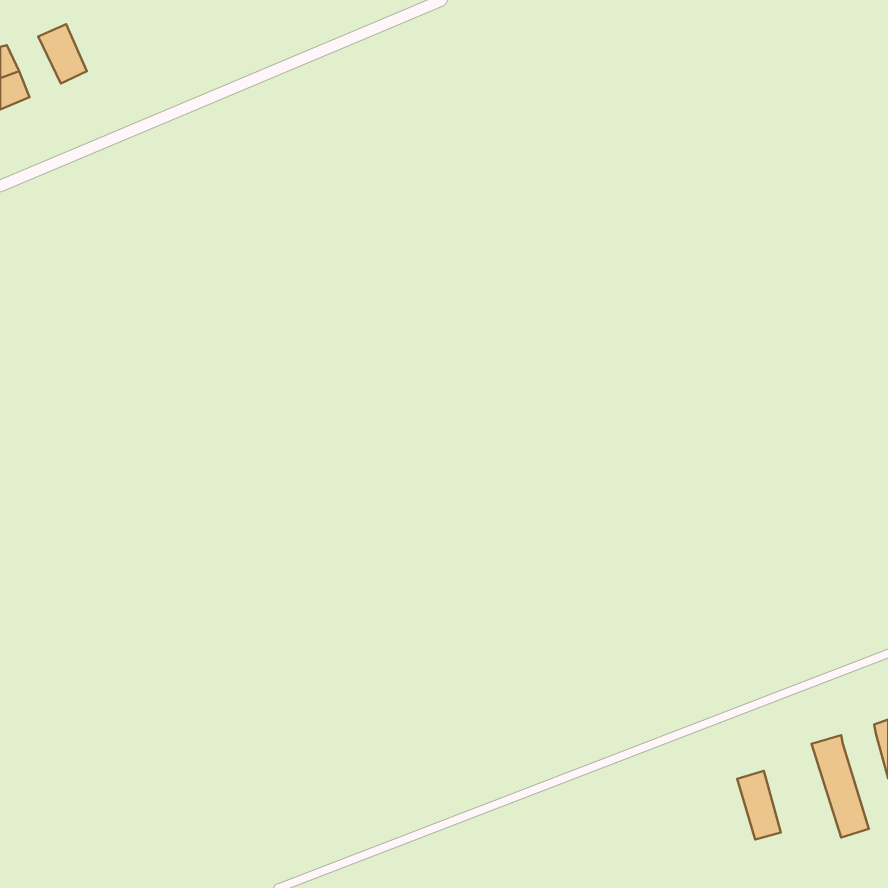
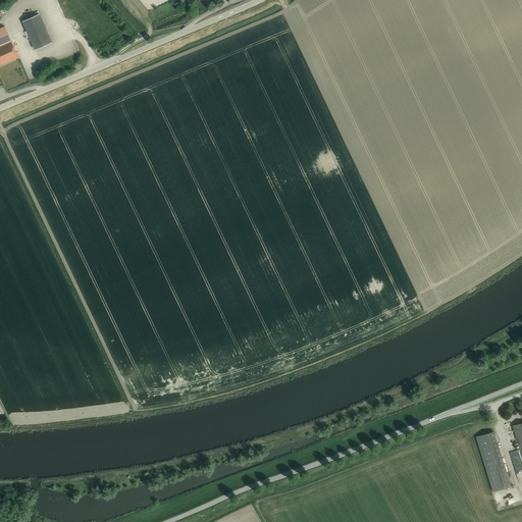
building: [737,771,781,840] -> none

